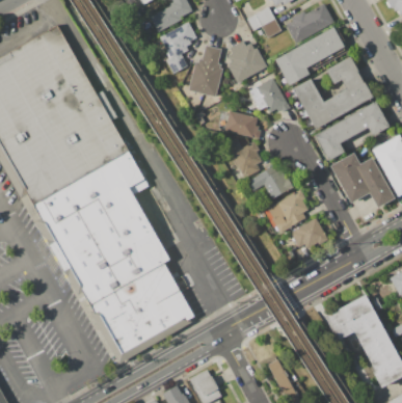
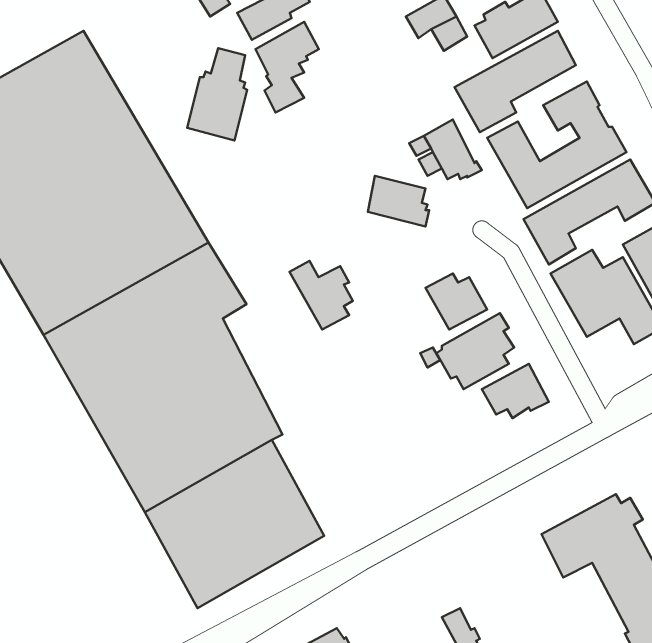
building: [227,41,267,84] -> none
building: [188,45,222,98] -> [187,48,247,140]
building: [225,138,262,178] -> [289,261,353,330]

